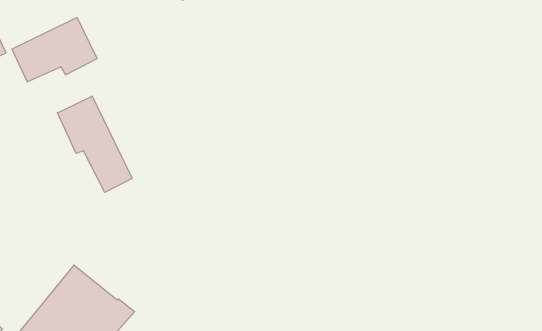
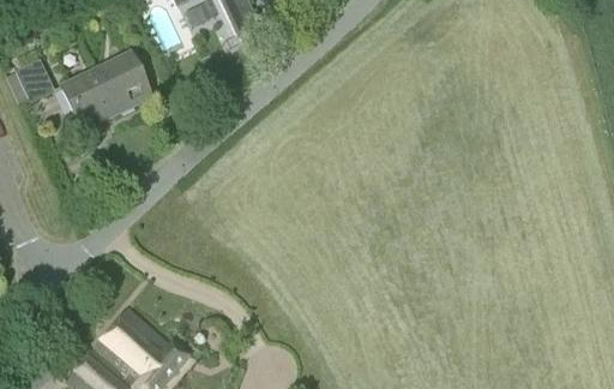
building: [57,96,132,192] -> none

